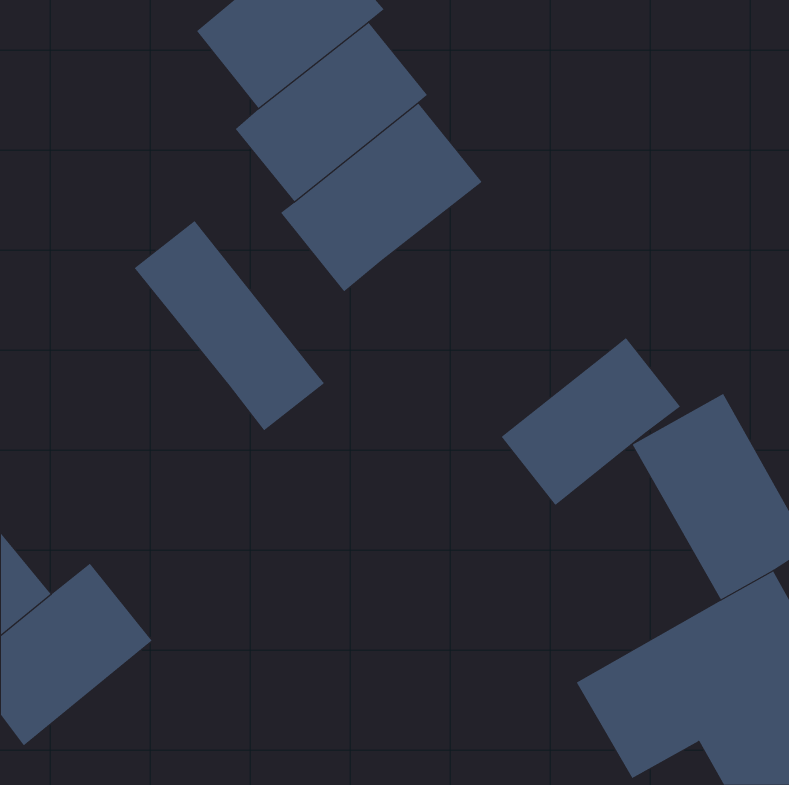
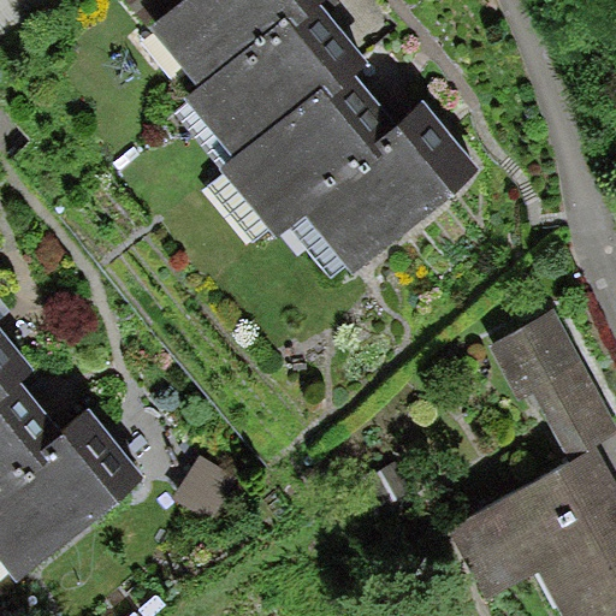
building: none -> [300,119,456,267]
building: [134,220,325,431] -> none
building: [501,337,681,506] -> none

